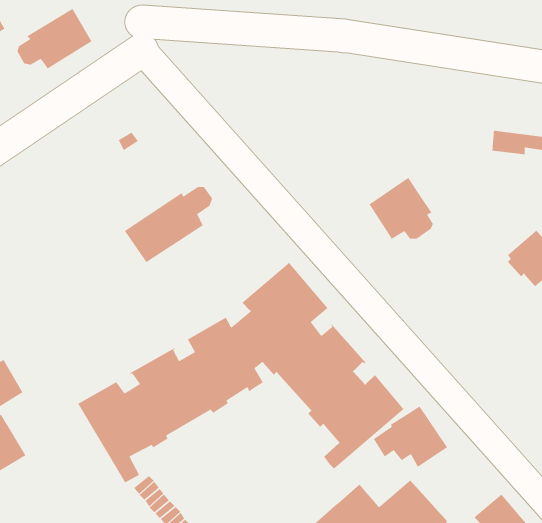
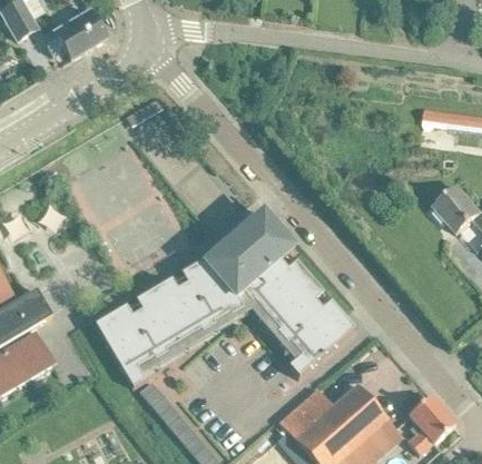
building: [369,177,434,240] -> none
building: [124,186,213,263] -> none
building: [373,406,448,468] -> none

